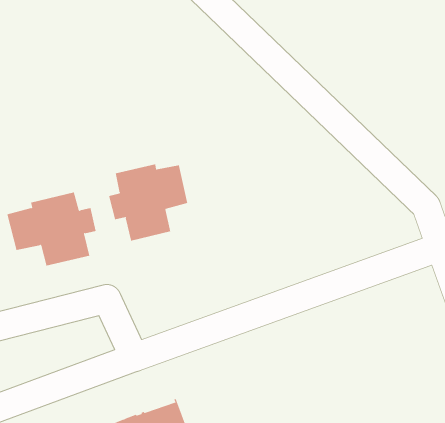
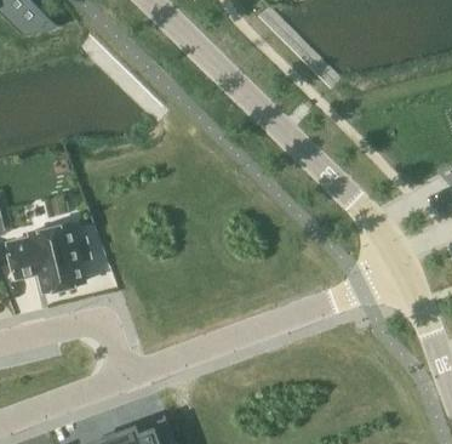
building: [109,163,188,241] -> none

